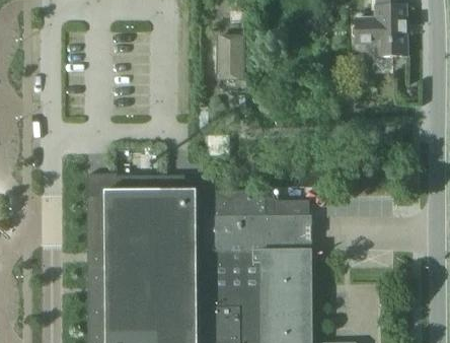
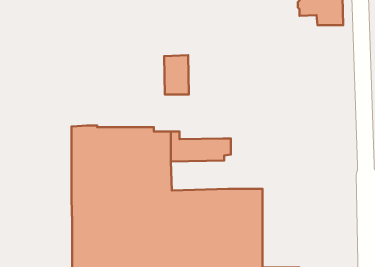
building: [215,35,244,81] -> [164,55,189,95]
building: [204,201,311,252] -> none

